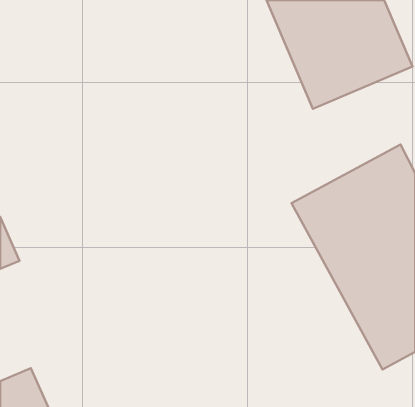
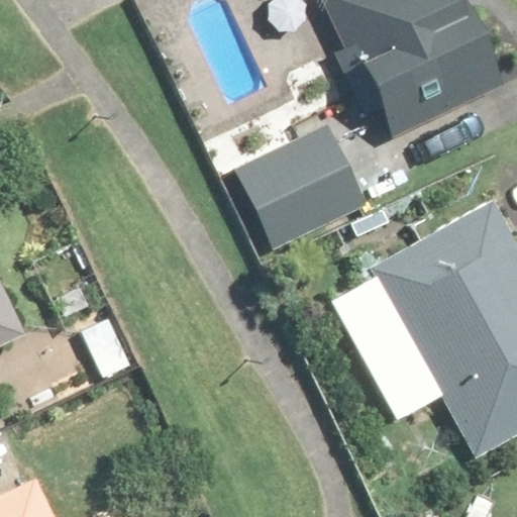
building: none -> [231,123,366,248]

